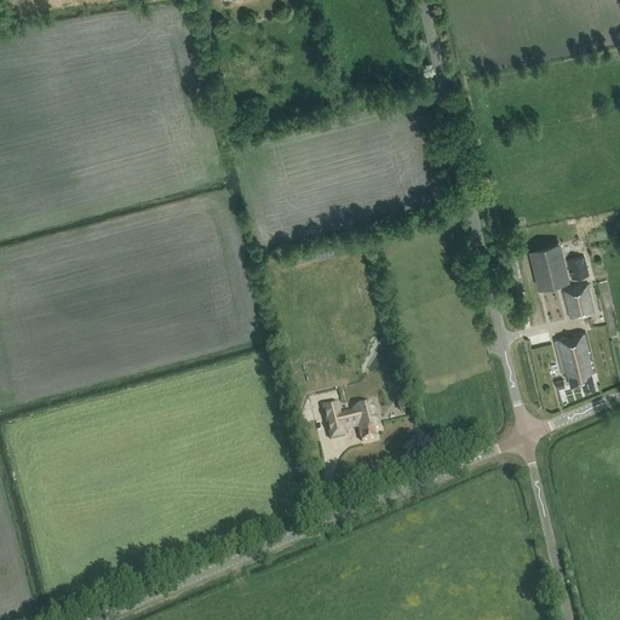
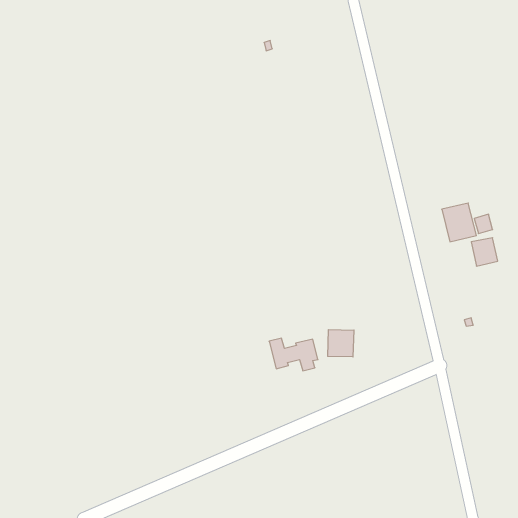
building: [553,333,593,389] -> none
building: none -> [328,330,354,357]

